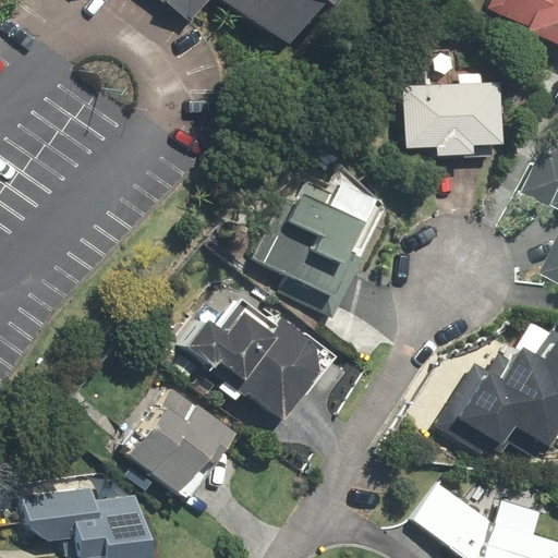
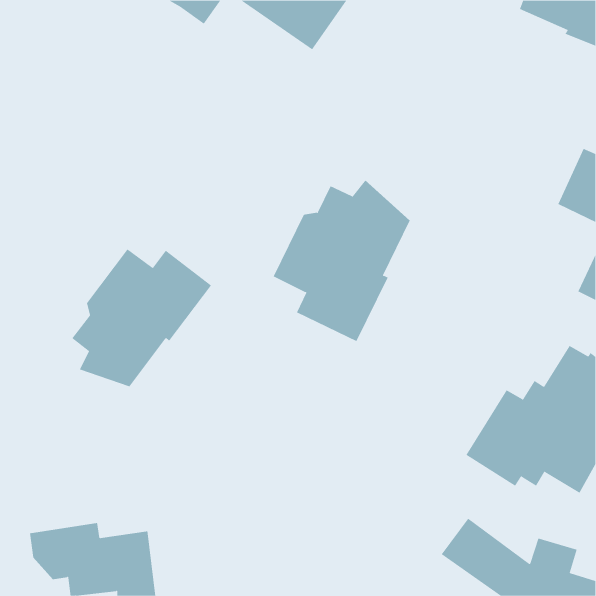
building: [405,82,502,156] -> none
building: none -> [72,248,212,387]
building: [187,299,337,420] -> none
building: [123,388,234,498] -> none

